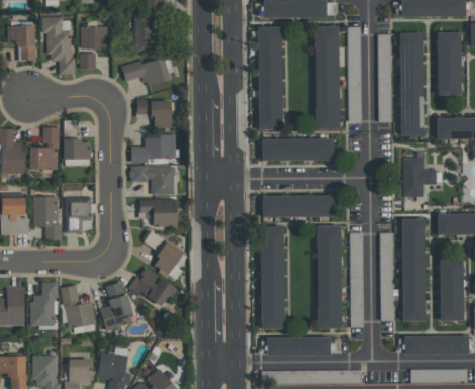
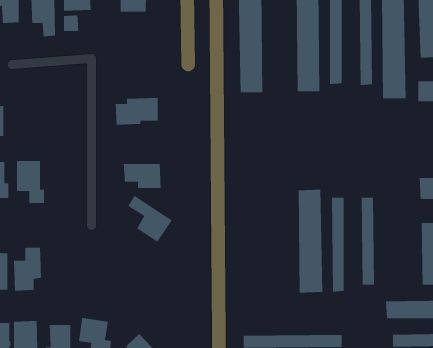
building: [125,58,175,86] -> none
building: [140,99,175,127] -> none
building: [29,126,59,169] -> none
building: [261,137,332,160] -> none
building: [64,138,90,165] -> none
building: [402,150,436,196] -> none
building: [133,165,178,193] -> none
building: [262,194,332,217] -> none
building: [68,196,94,232] -> none
building: [401,217,426,321] -> none
building: [259,225,285,328] -> none
building: [131,265,180,306] -> none
building: [101,281,134,330] -> none
building: [64,286,99,329] -> none
building: [267,336,330,356] -> none

